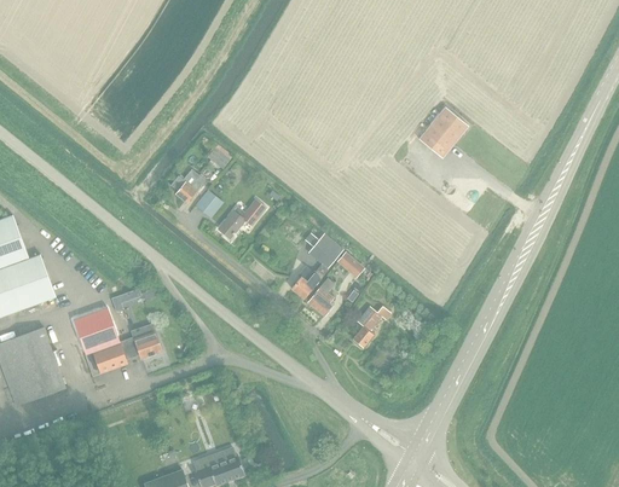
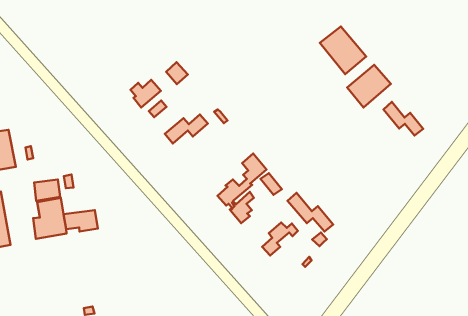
building: none -> [320,26,366,74]
building: none -> [383,102,423,135]
building: none -> [288,193,333,232]

